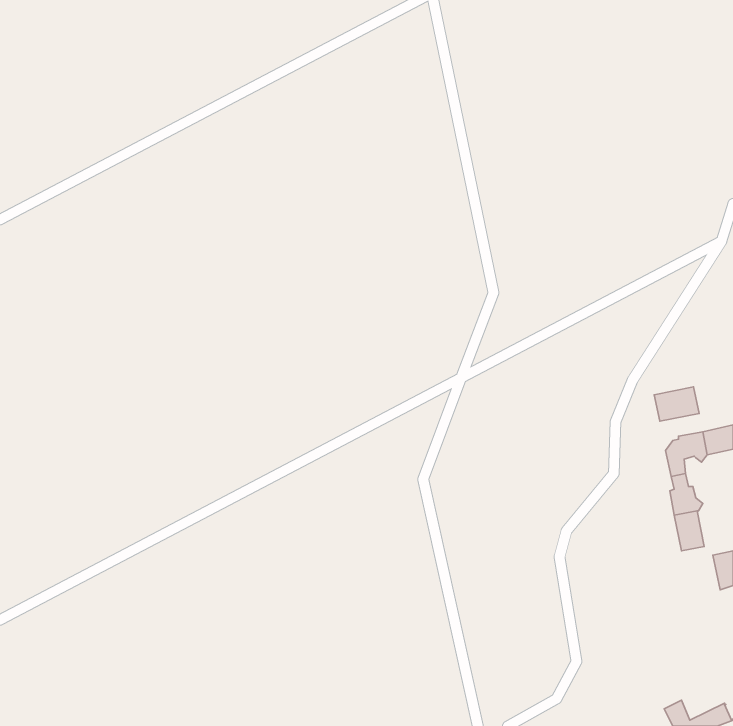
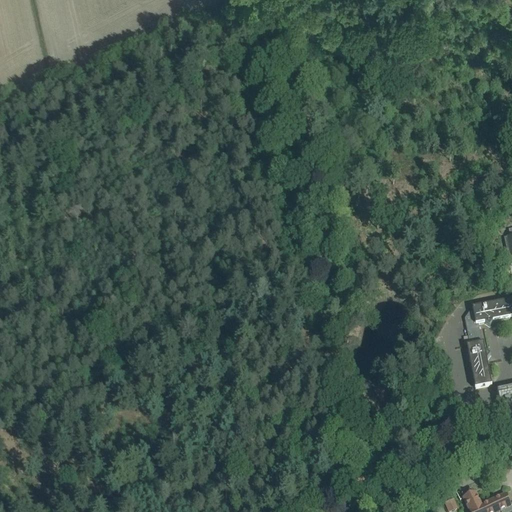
building: [654,387,699,421] -> none

